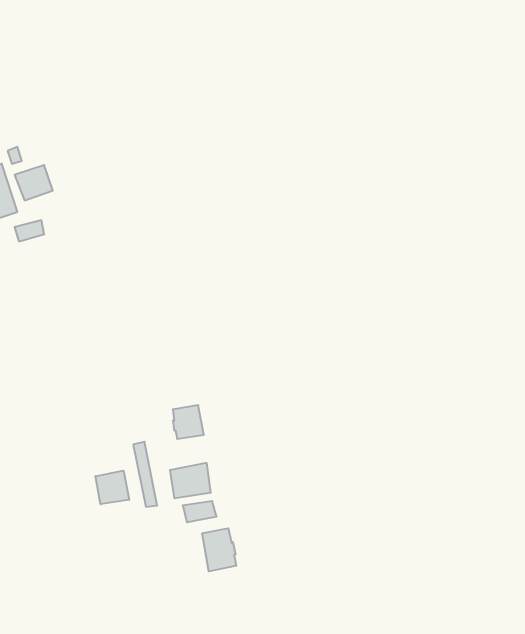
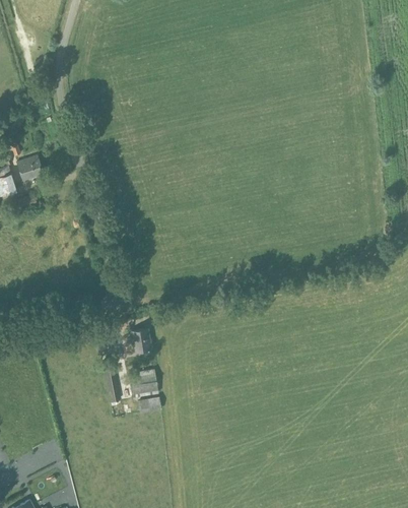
building: [95,471,129,504] -> none
building: [202,528,236,571] -> none

